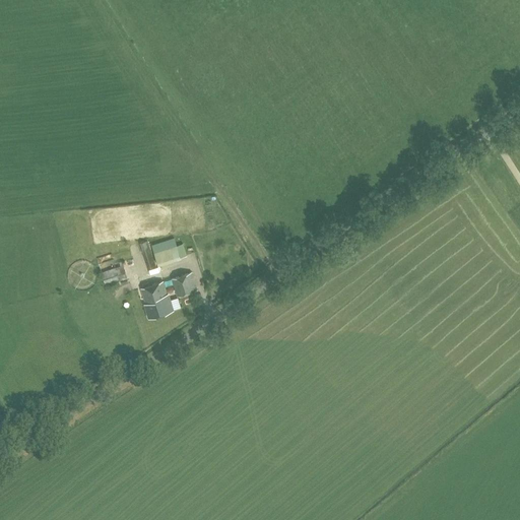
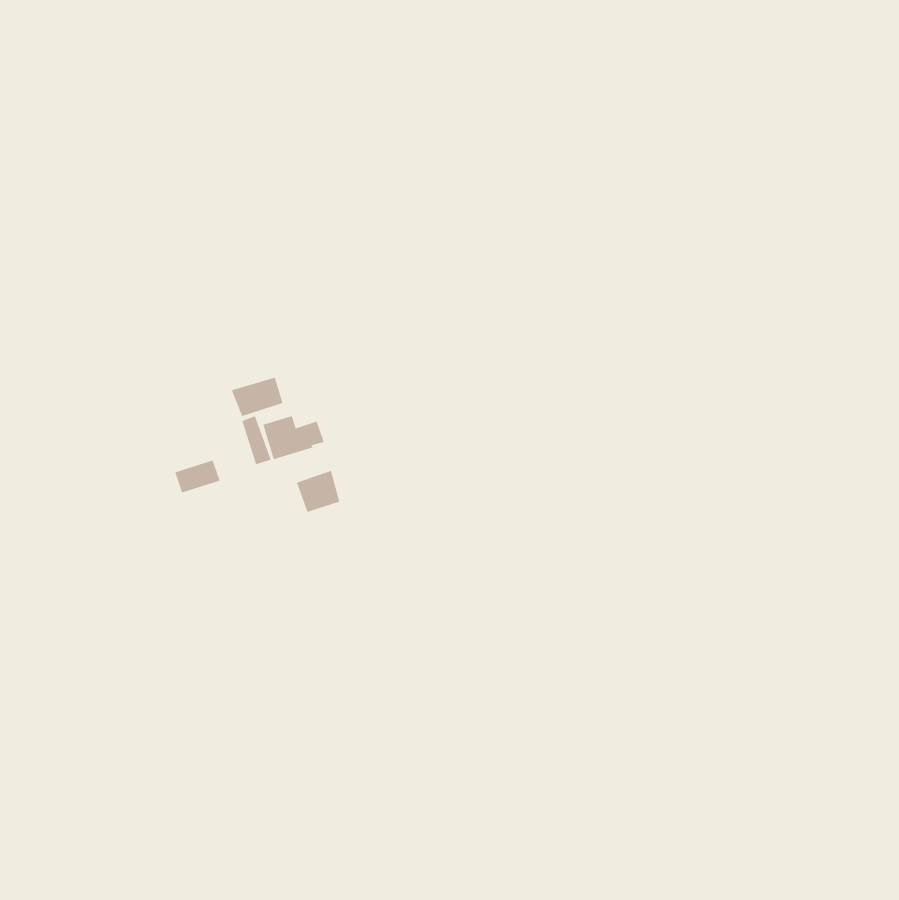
building: none -> [231,377,283,417]
building: [140,281,173,318] -> none

